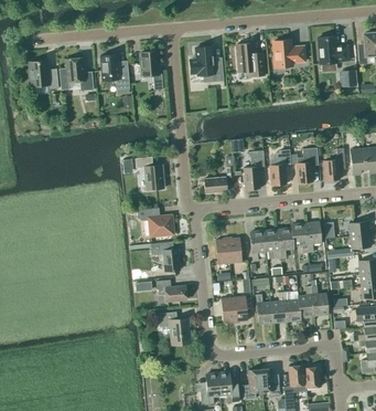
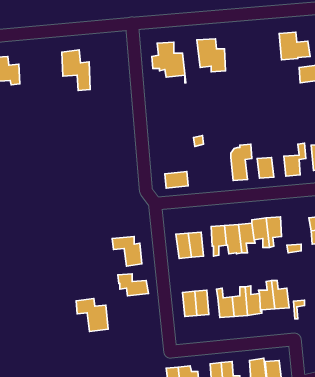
building: [272,40,304,67] -> none
building: [140,51,162,91] -> none
building: [64,56,93,91] -> none
building: [243,150,264,190] -> none
building: [135,157,163,190] -> none
building: [136,208,172,236] -> none
building: [158,312,190,345] -> [76,299,108,331]

